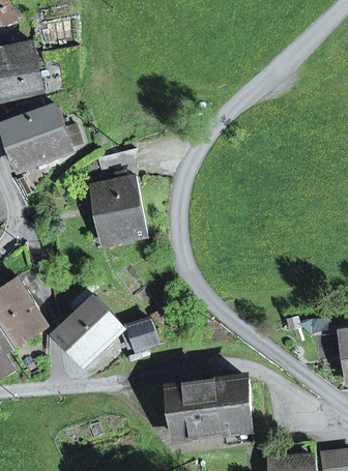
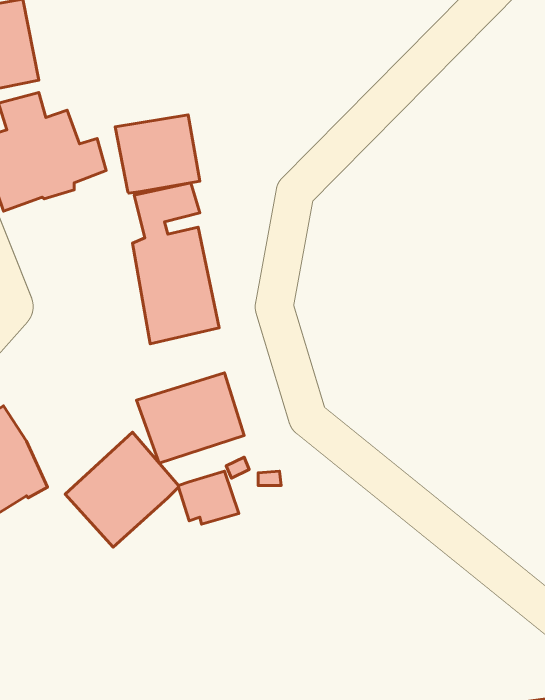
building: none -> [115,115,200,193]
building: none -> [137,373,244,463]
building: [170,377,250,437] -> none

